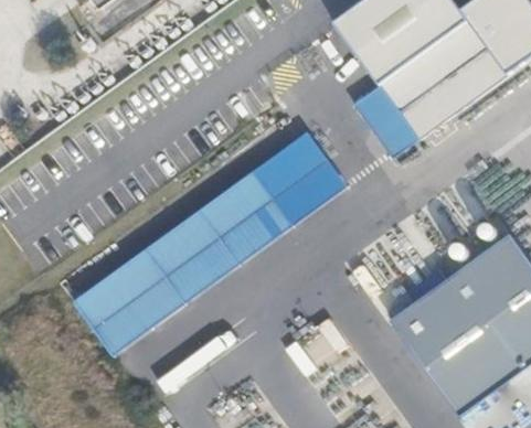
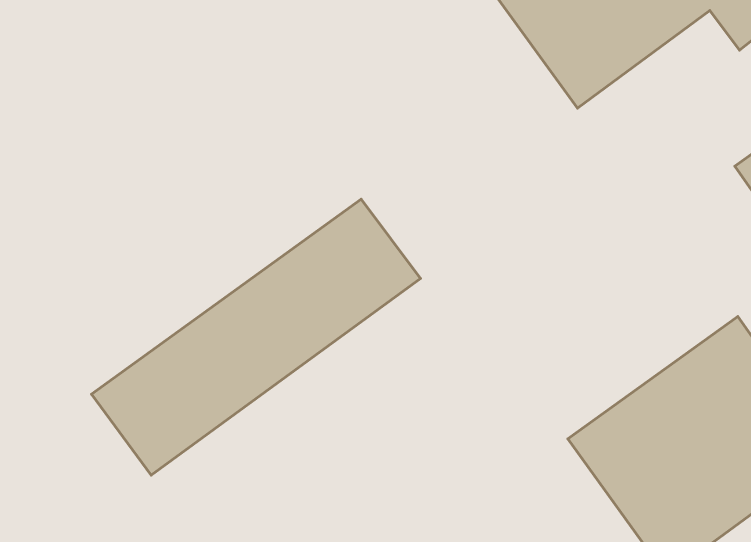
building: [401,45,509,136] -> none

